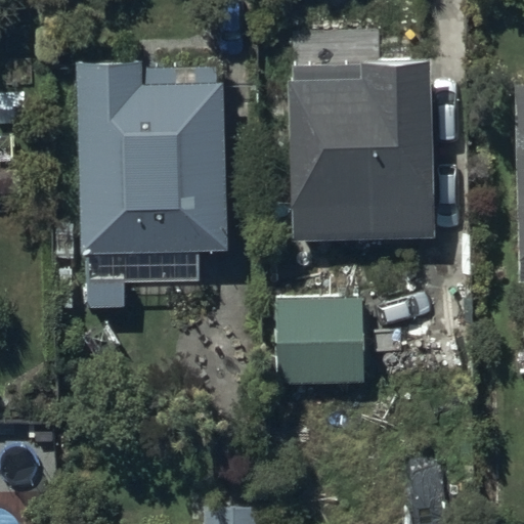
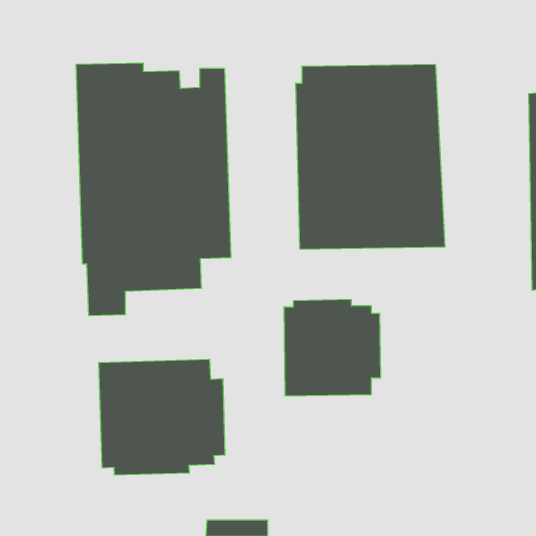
building: none -> [99,359,225,475]

